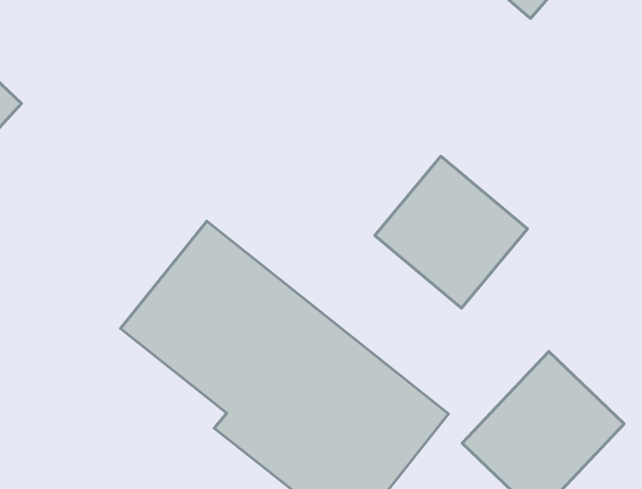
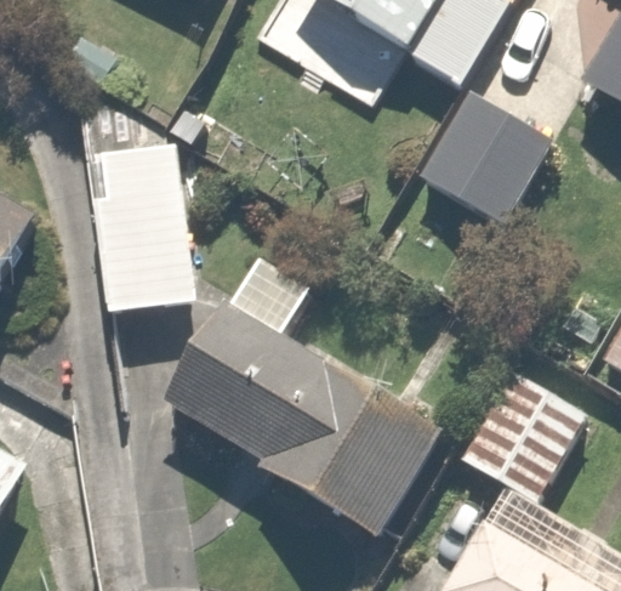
building: none -> [91,152,201,309]
building: [375,156,527,308] -> [417,87,546,214]

